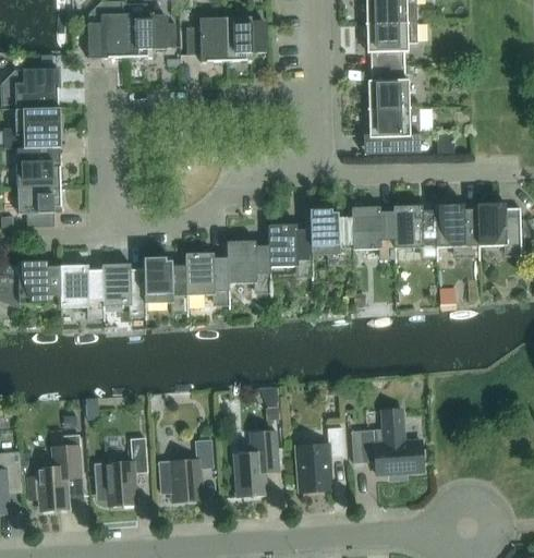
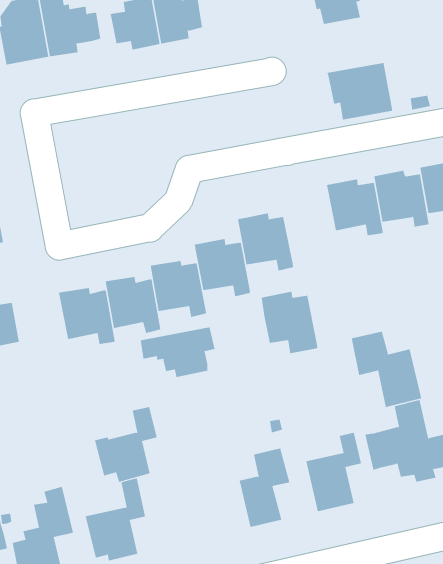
building: [366,65,420,109] -> none
building: [310,207,353,280] -> [261,284,319,373]
building: [60,264,104,320] -> none
building: none -> [140,327,215,378]
building: none -> [351,331,422,408]
building: [157,439,213,501] -> [94,406,157,482]

